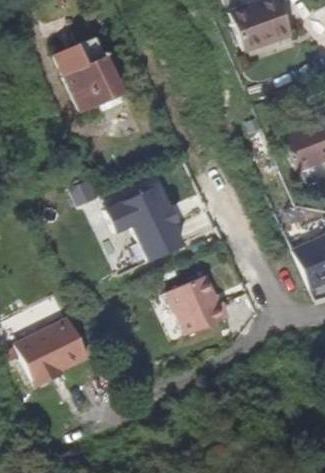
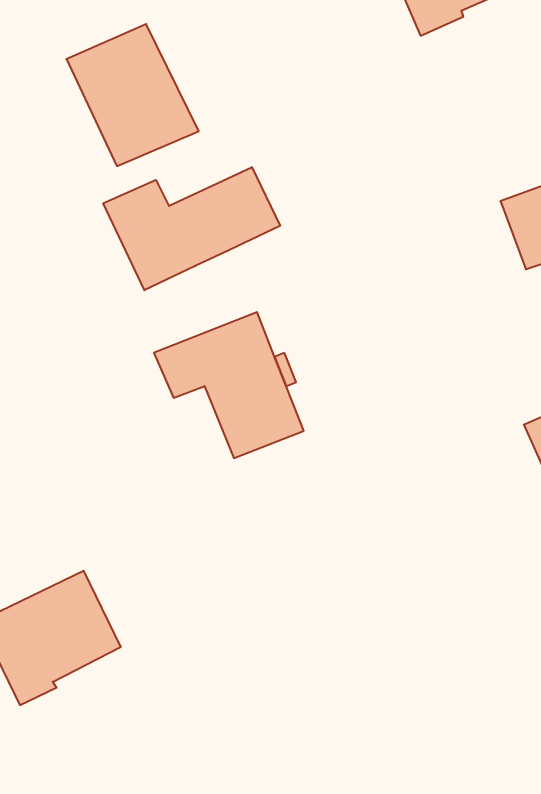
building: none -> [103,167,280,290]
building: [170,280,231,340] -> none

